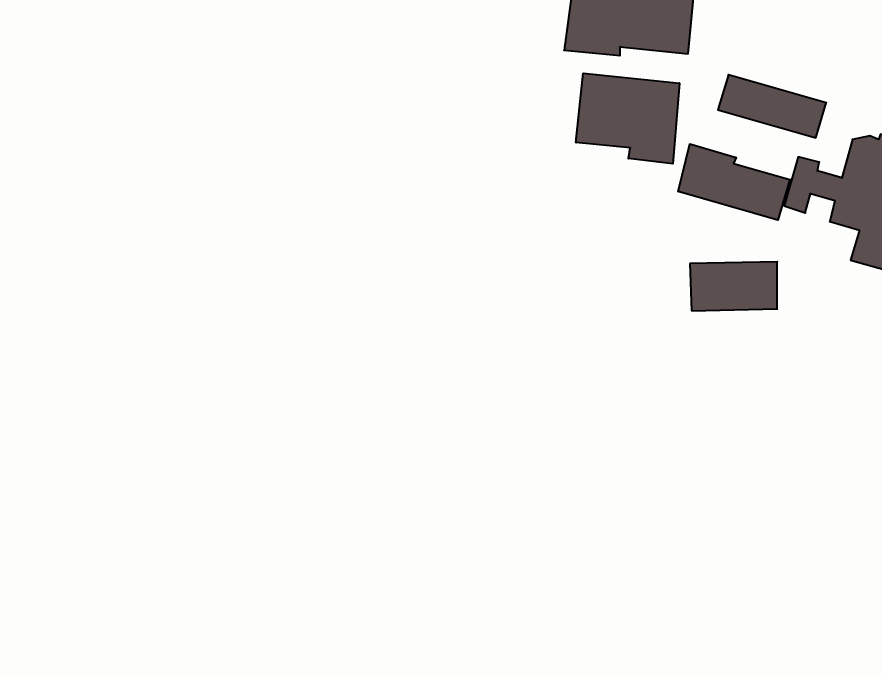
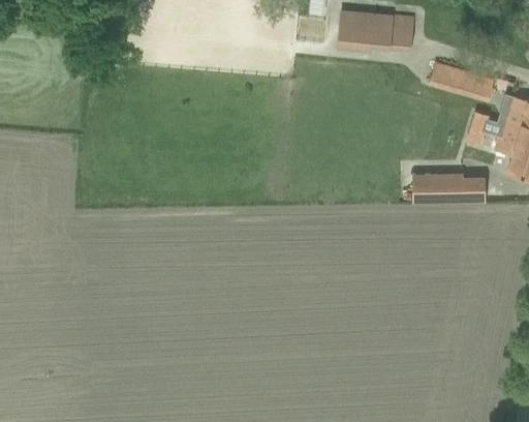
building: [576,73,679,164] -> none
building: [678,144,790,220] -> none

